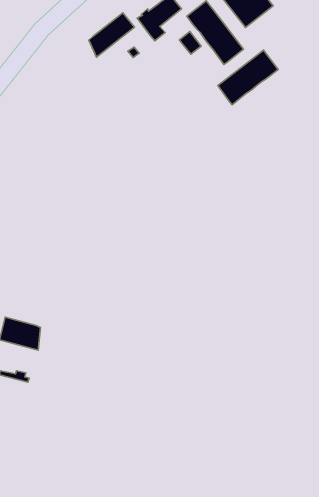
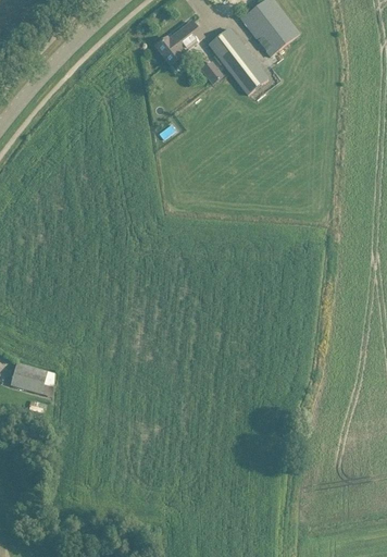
building: [89,13,134,57] -> none
building: [218,50,278,105] -> none

